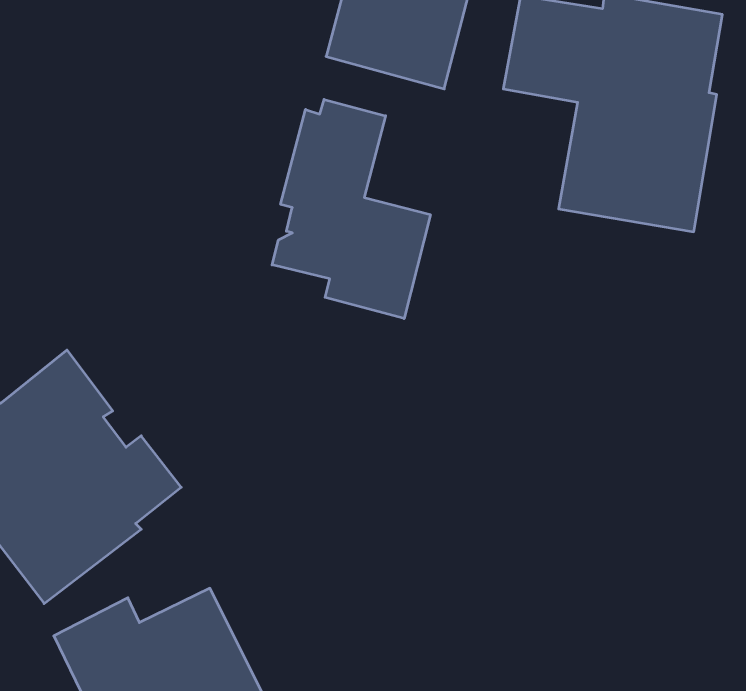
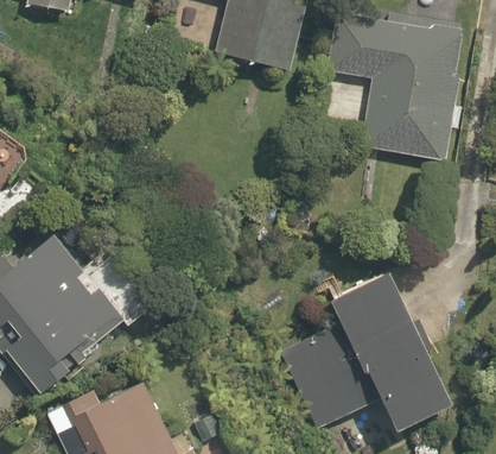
building: [272,99,430,319] -> none
building: none -> [280,273,450,429]

